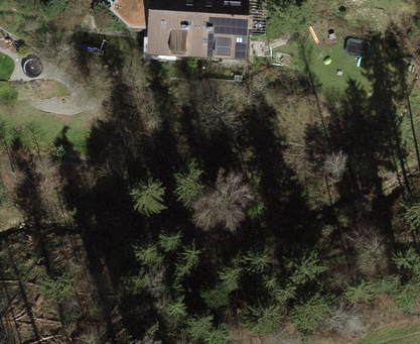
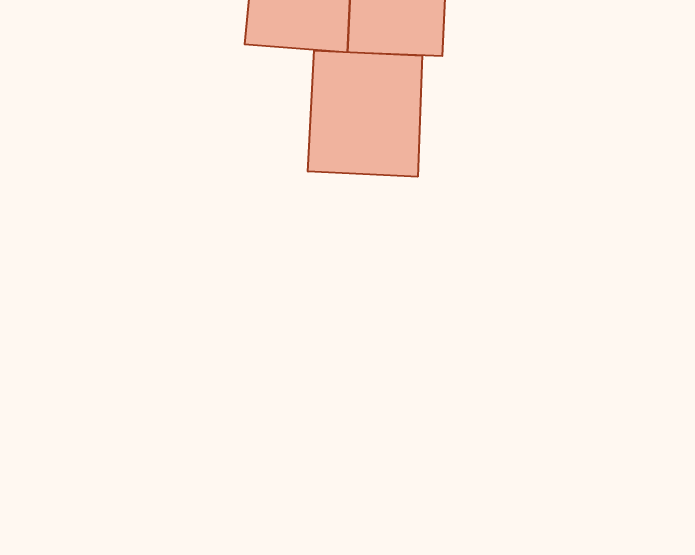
building: none -> [308,50,422,177]

